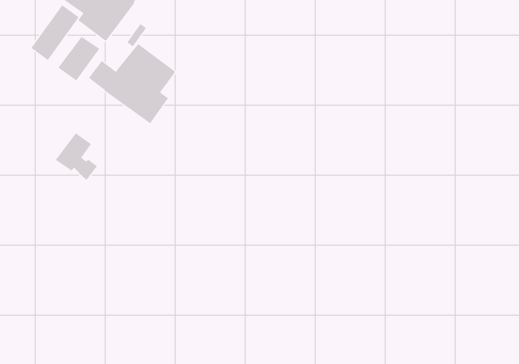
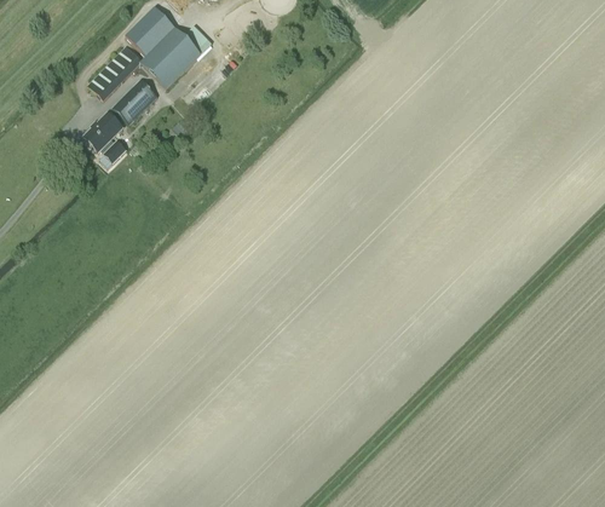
building: [88,43,176,124] -> none
building: [55,132,98,181] -> [83,111,126,162]

